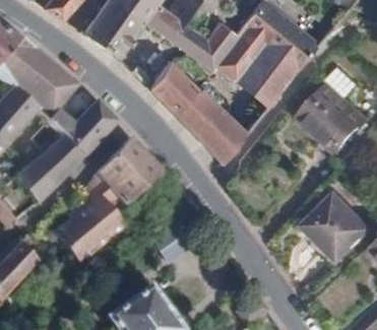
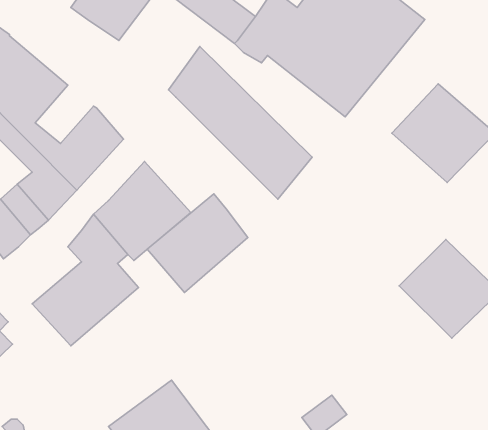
building: none -> [147,194,248,292]

